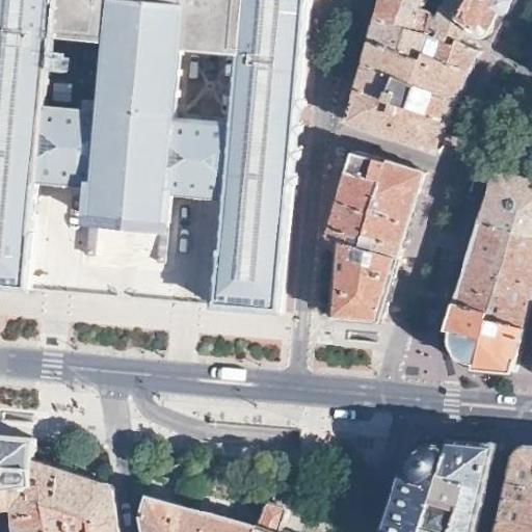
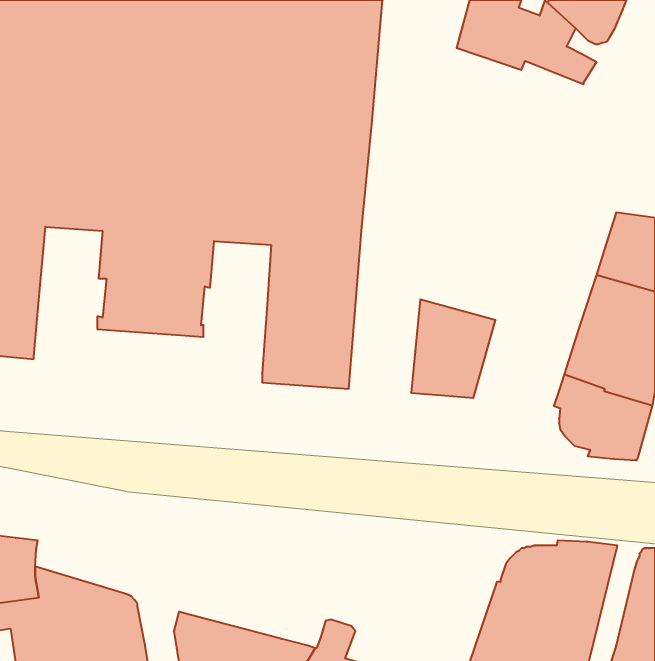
building: [343,39,468,152] -> none
building: [324,152,423,258] -> none

